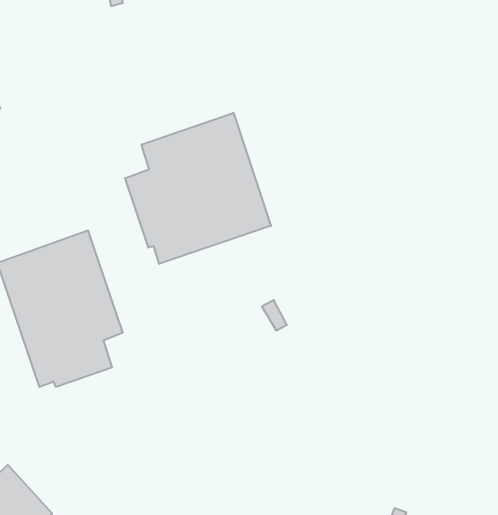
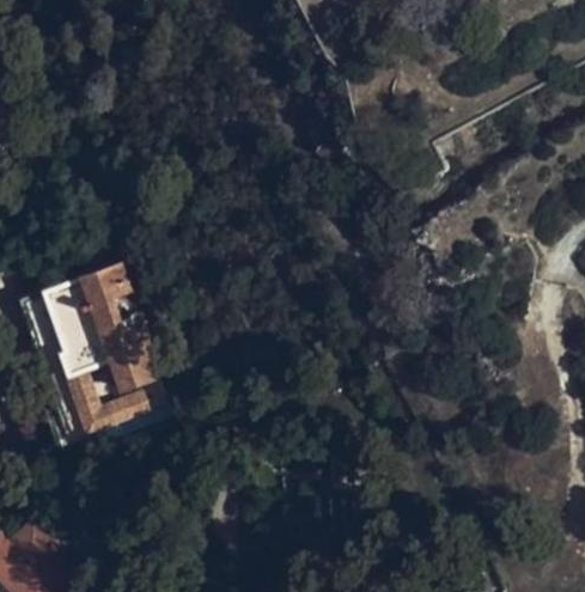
building: [125,113,271,264] -> none

